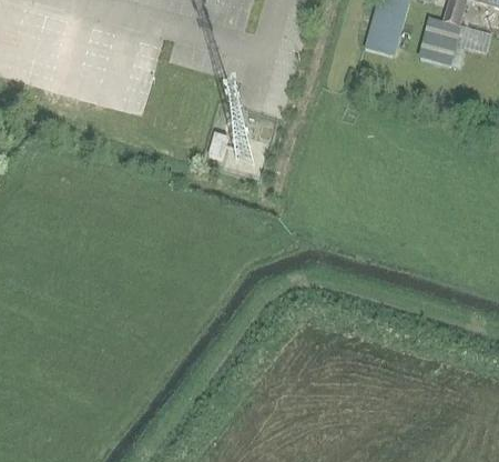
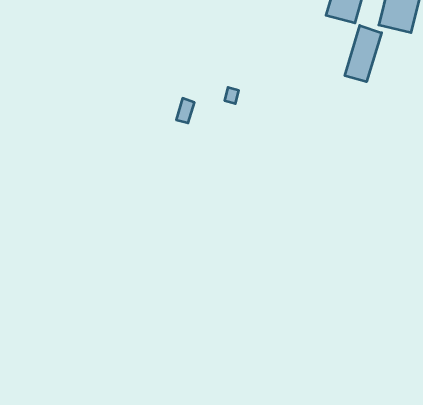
building: none -> [345,25,382,82]

